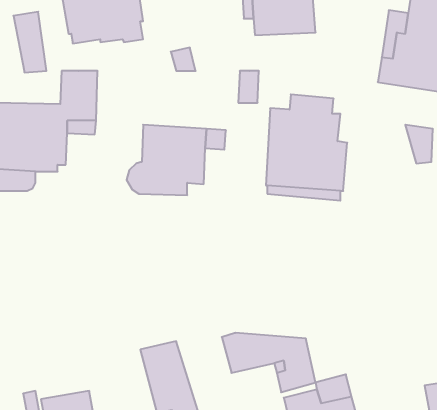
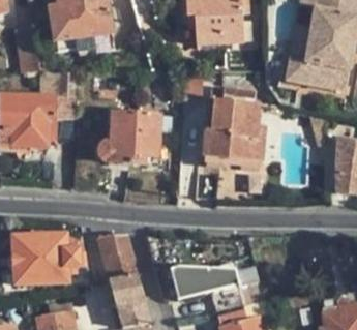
building: none -> [97,233,137,278]
building: none -> [13,234,87,282]

